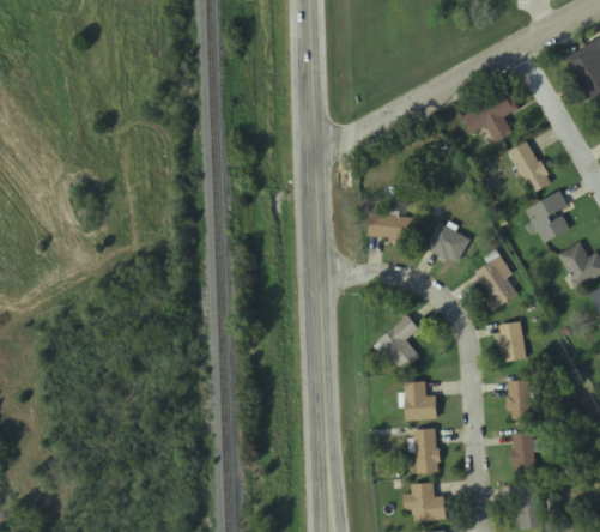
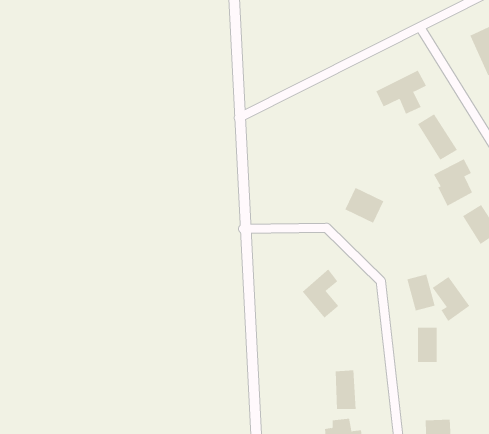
building: [368,214,408,238] -> none
building: [474,259,517,310] -> [432,276,470,322]
building: [405,381,436,418] -> none
building: [509,431,537,471] -> none

